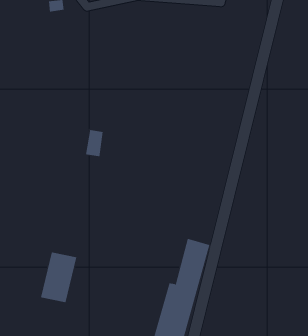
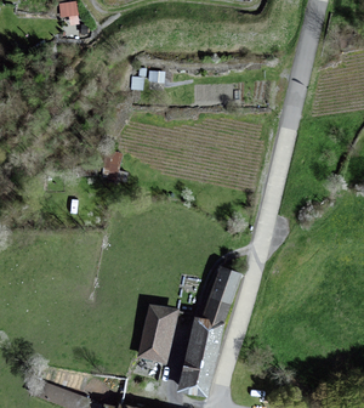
building: [40,252,77,303] -> [136,305,177,362]

